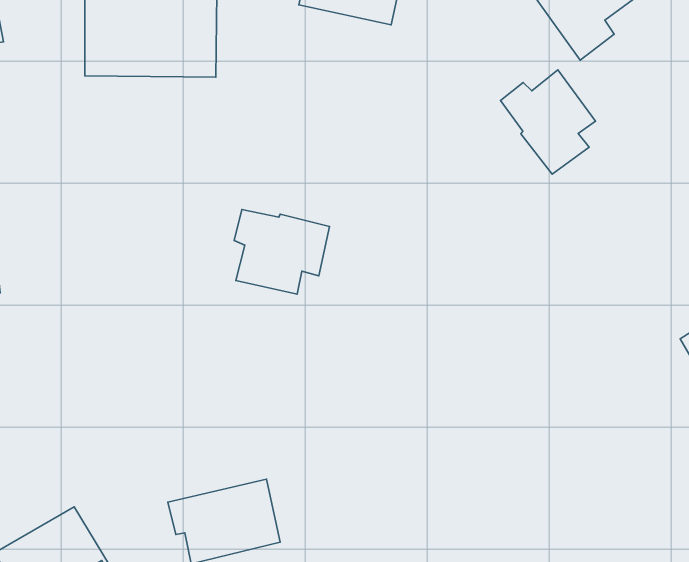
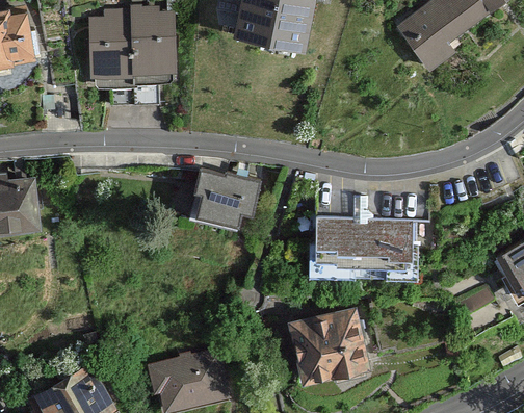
building: [501,70,596,174] -> none
building: none -> [314,218,412,269]
building: none -> [292,312,363,381]

